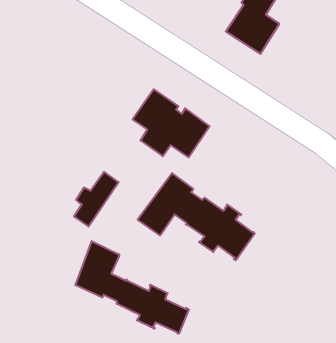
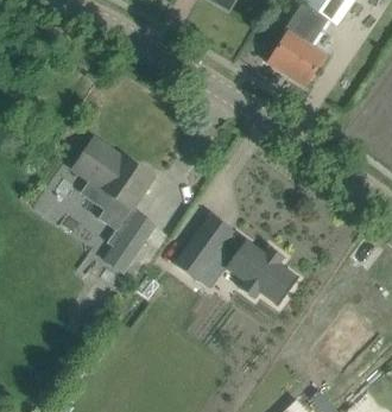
building: [133,89,210,157] -> [72,139,154,211]
building: [75,241,189,334] -> none

